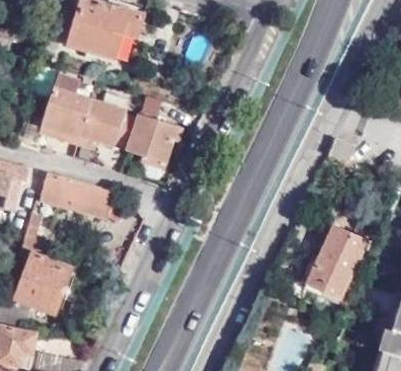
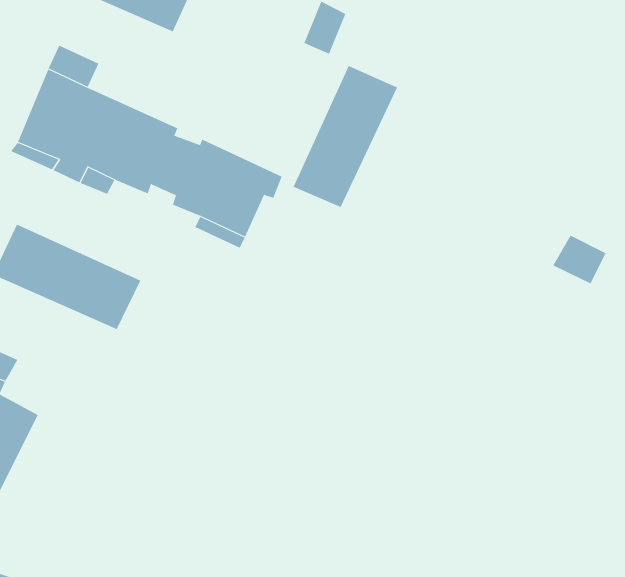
building: none -> [293,65,398,208]
building: [300,222,367,311] -> none

